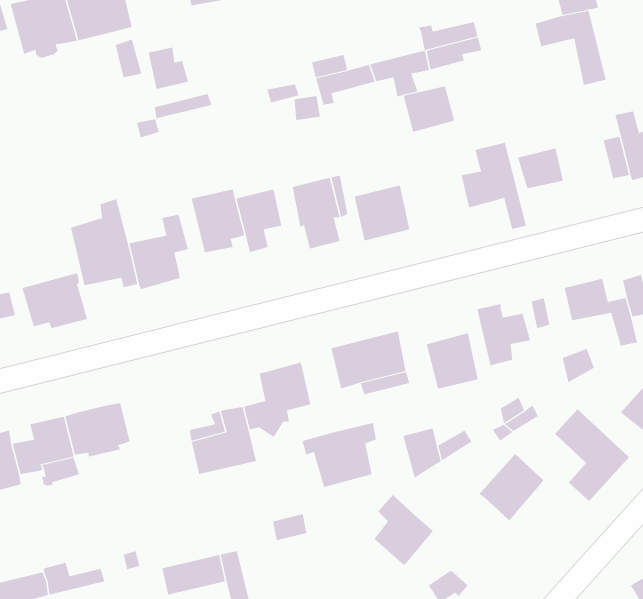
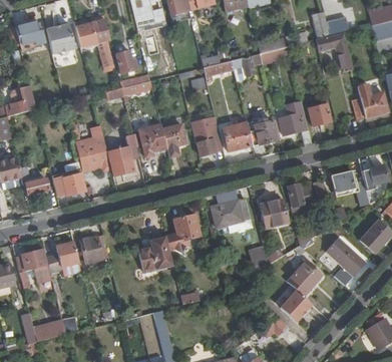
building: [403,86,455,133] -> [254,119,281,143]
building: [302,422,376,488] -> none
building: [374,494,434,566] -> [280,283,311,320]

